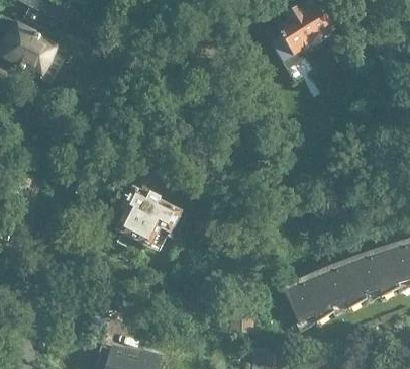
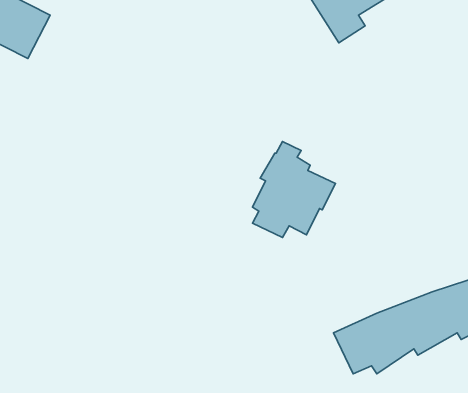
building: [116,177,180,251] -> [252,141,335,238]

